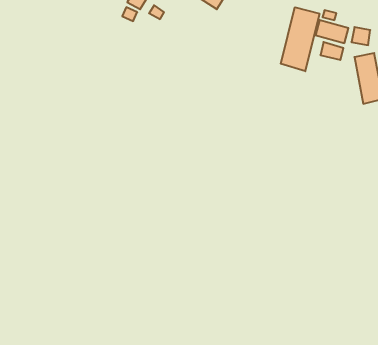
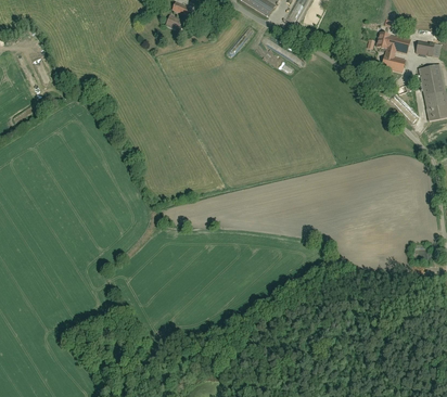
building: [281,7,319,71] -> none

